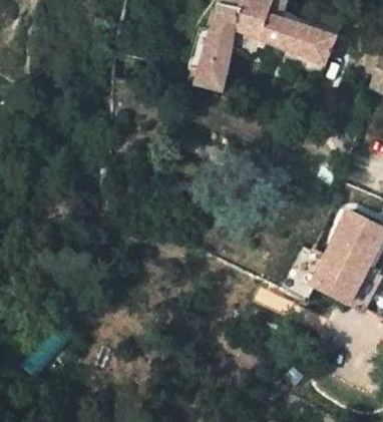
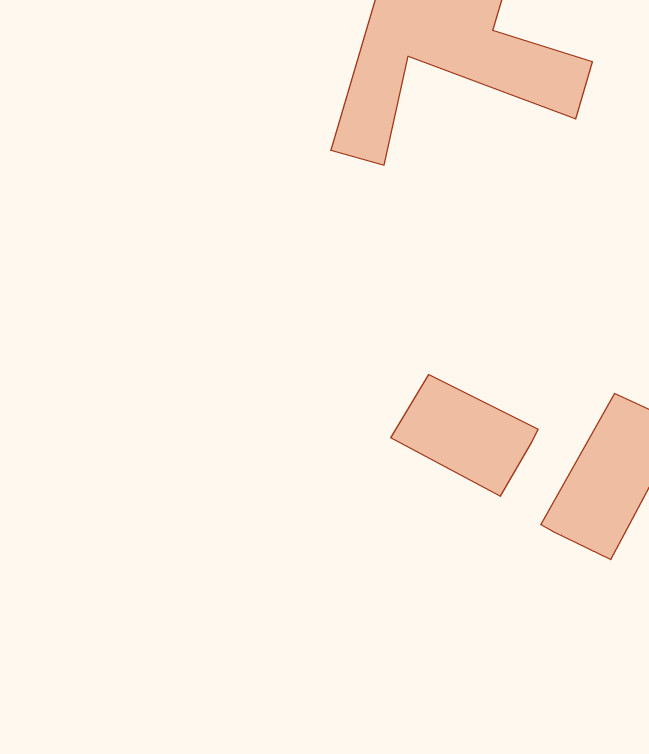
building: none -> [391,375,538,496]

